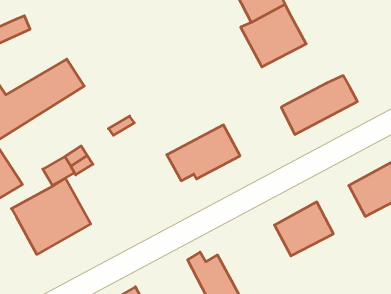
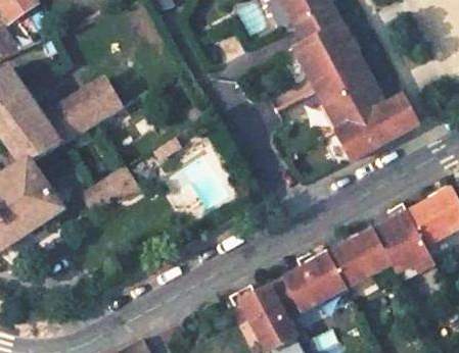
building: none -> [315,61,383,128]
building: [167,125,240,181] -> [268,253,346,312]
building: [11,178,91,254] -> none
building: none -> [373,211,432,270]

